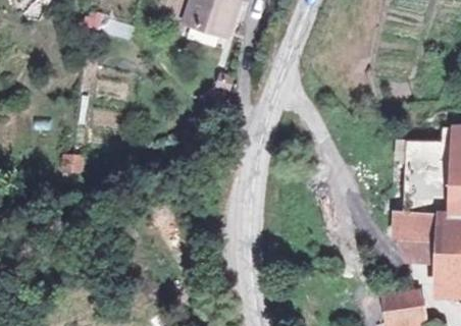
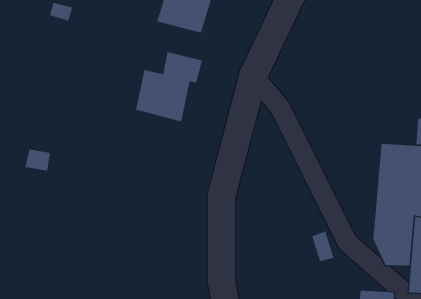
building: none -> [135,51,203,123]

